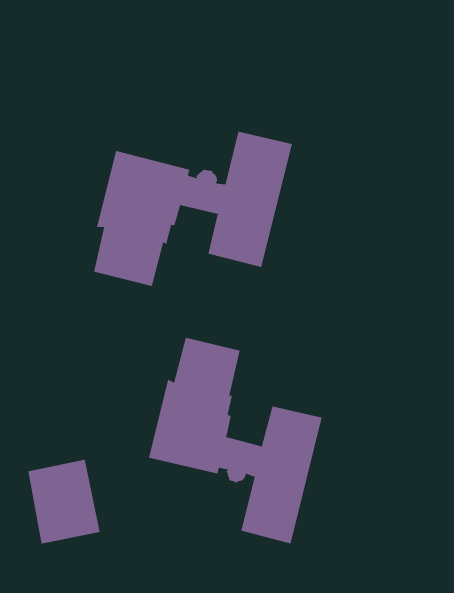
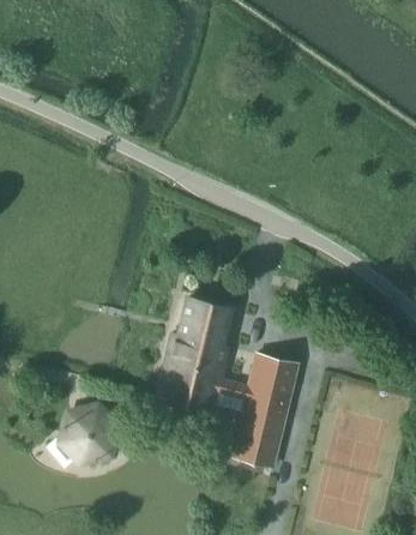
building: [94,131,292,287] -> none

